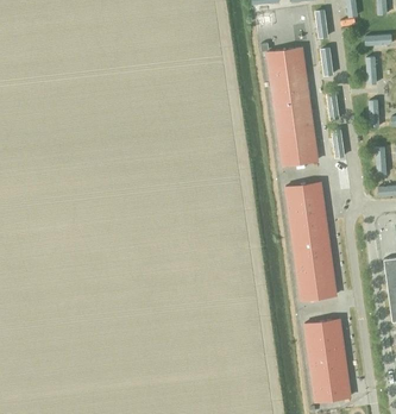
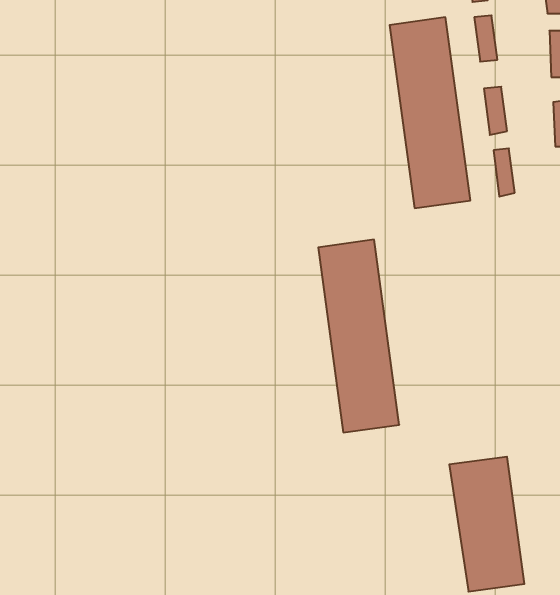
building: [285,182,335,301] -> [318,240,399,432]

